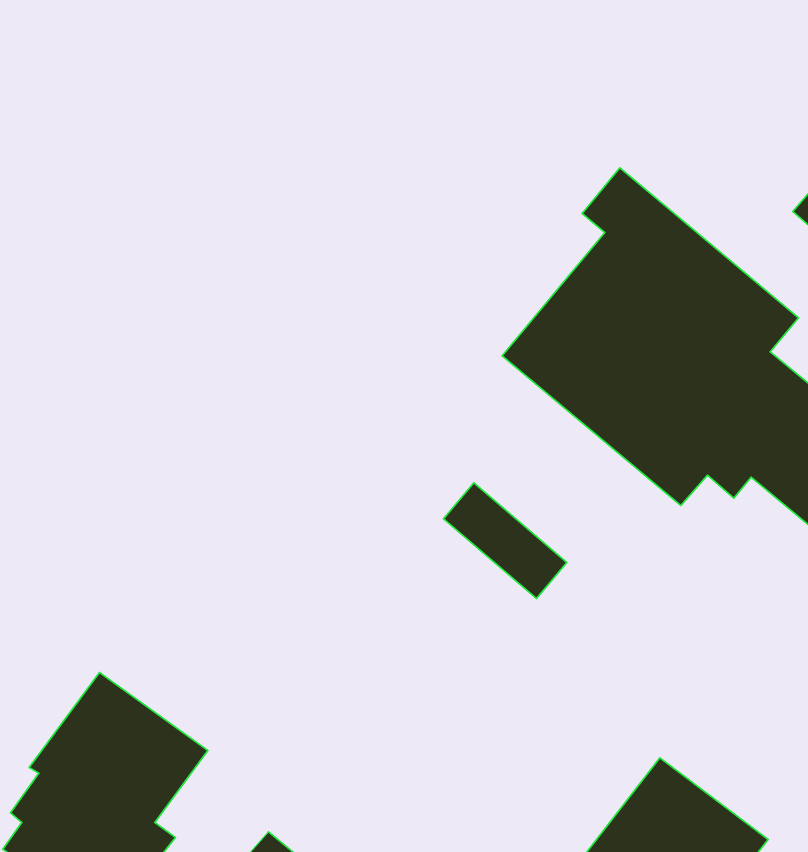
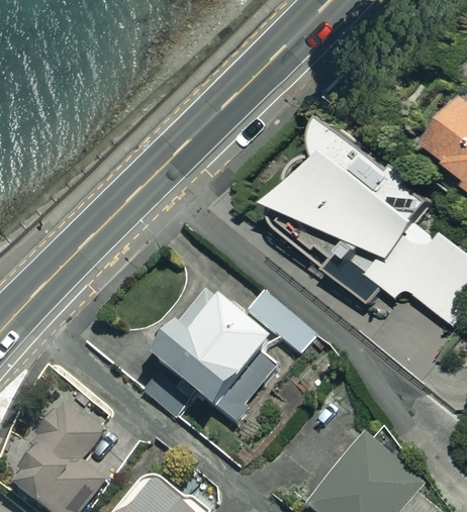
building: none -> [147,296,274,423]

